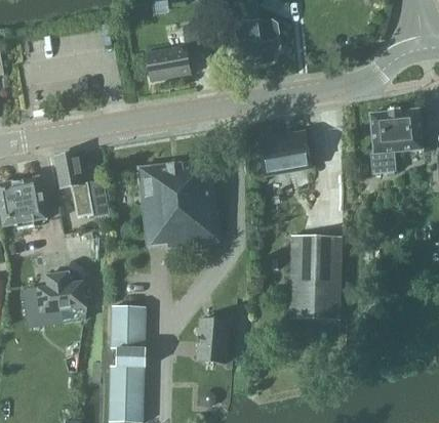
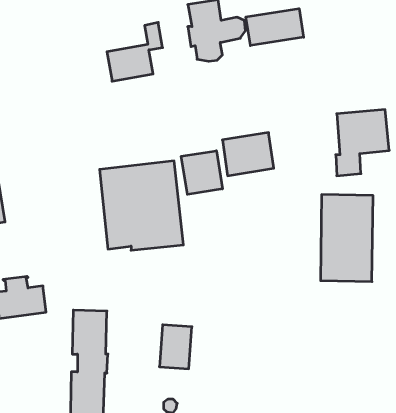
building: none -> [246,9,304,46]
building: none -> [181,151,222,194]
building: [54,153,108,217] -> none
building: [290,235,342,320] -> [321,195,373,282]

